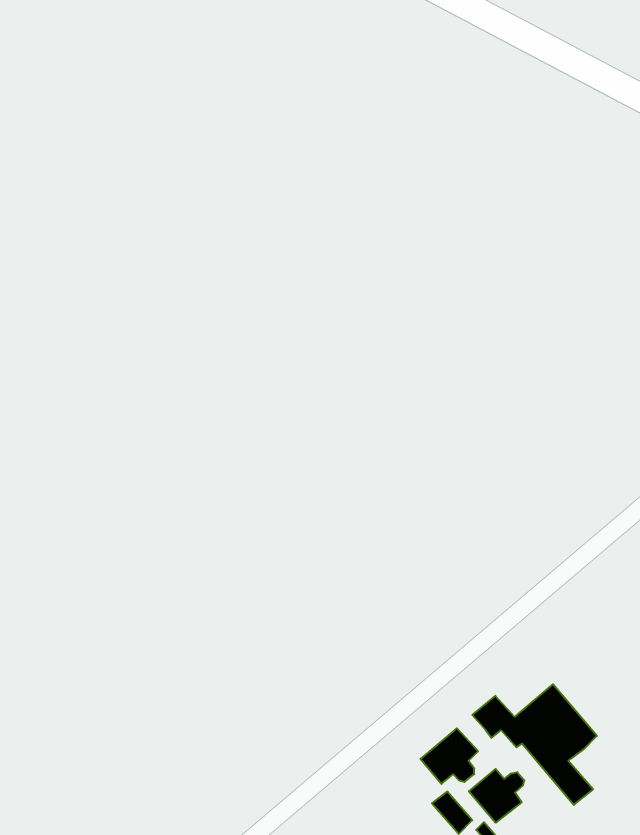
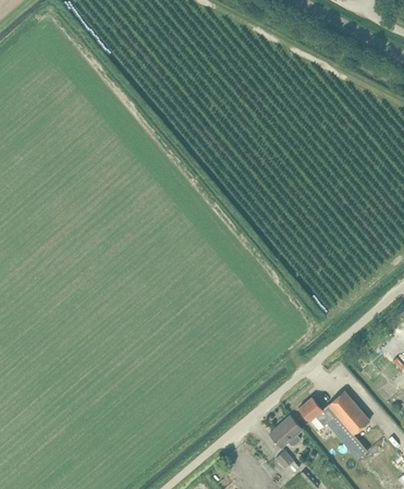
building: [469,769,524,823] -> none

